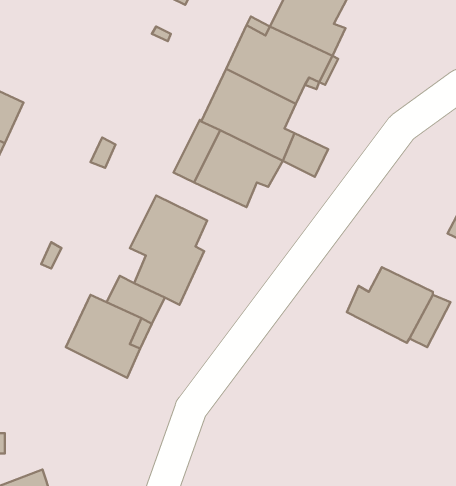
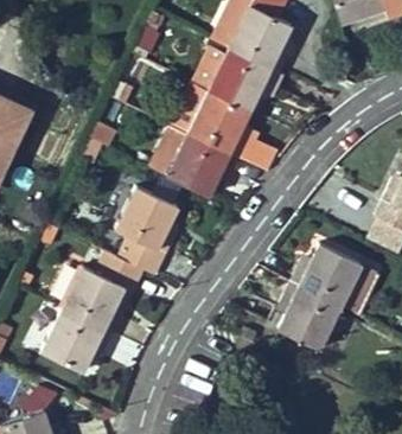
building: none -> [279,281,340,350]
building: none -> [40,309,113,372]

